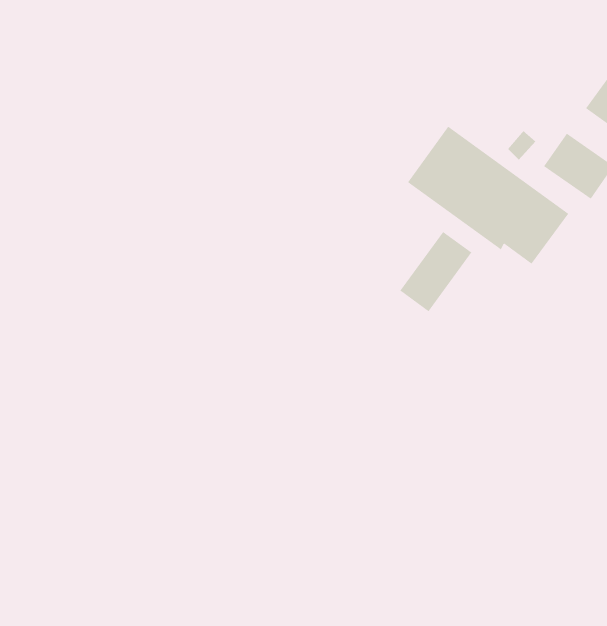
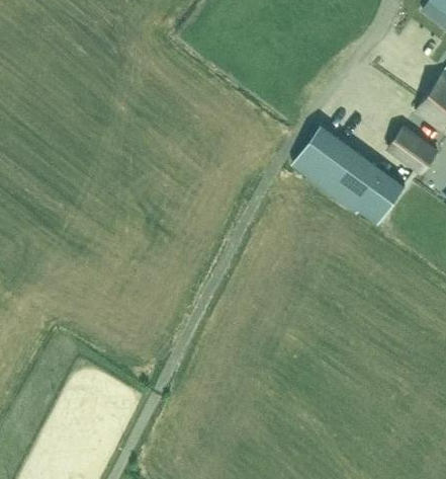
building: [400,231,472,312] -> none

